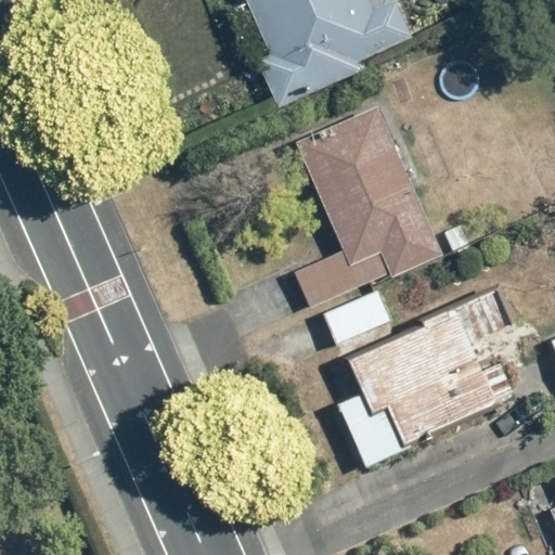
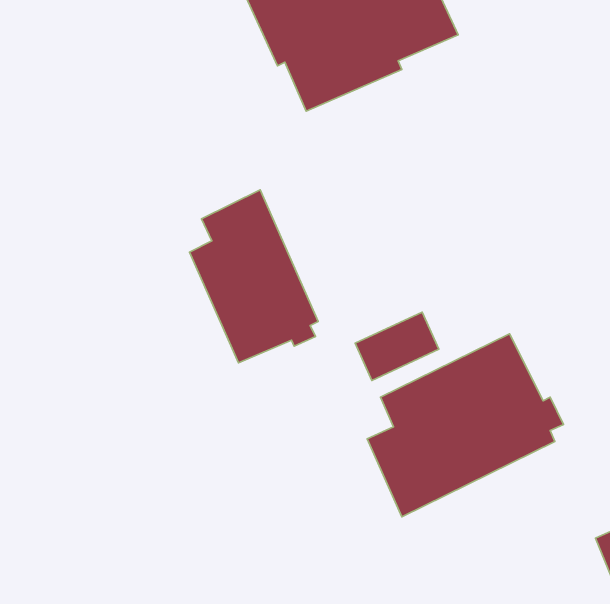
building: [296,107,446,306] -> none
building: none -> [189,190,318,363]

